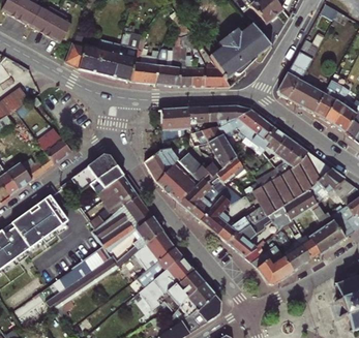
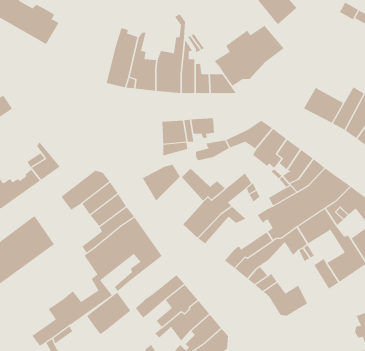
building: [278,33,324,99] -> none
building: [65,38,120,76] -> none
building: [208,106,250,127] -> none
building: [208,134,236,167] -> none
building: [156,160,199,203] -> none
building: [201,196,238,235] -> none
building: [134,231,175,269] -> [86,292,131,335]
building: [283,239,310,273] -> none

